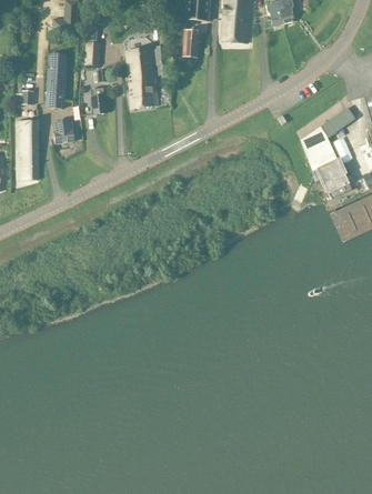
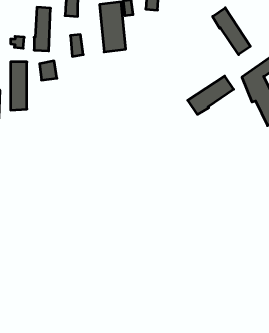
building: none -> [213,8,250,55]
building: none -> [188,76,234,114]

